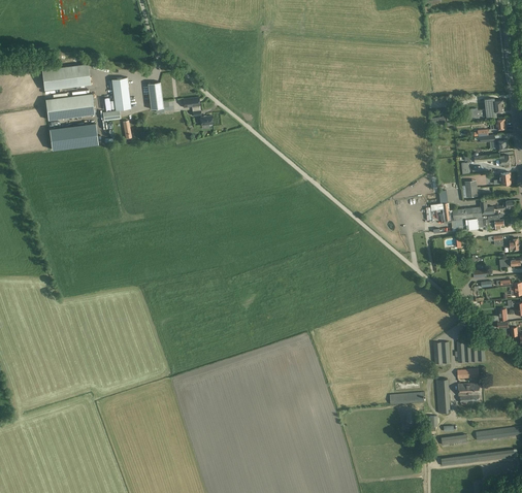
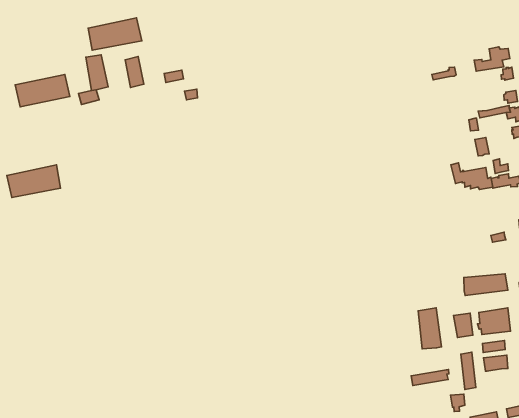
building: [41,64,90,91] -> [88,18,142,50]
building: [48,124,97,151] -> [7,165,60,197]
building: none -> [464,274,508,296]
building: none -> [418,308,442,349]

